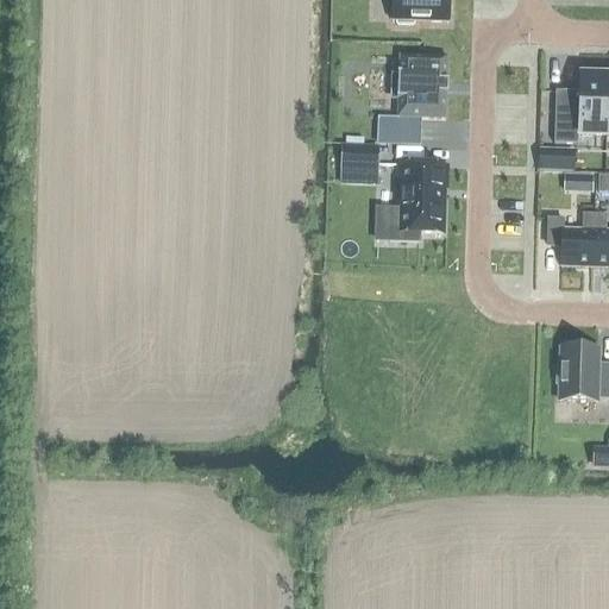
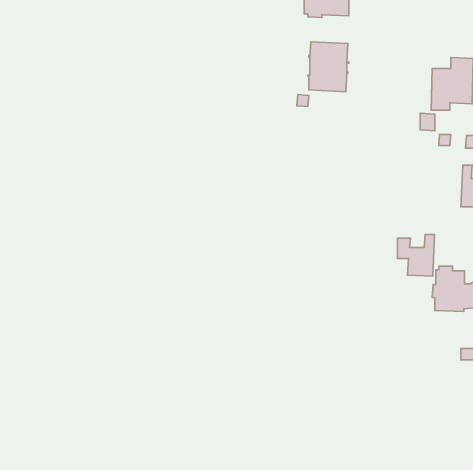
building: [340,143,379,169] -> none
building: [389,163,444,239] -> none
building: [547,212,595,265] -> [397,234,435,276]

